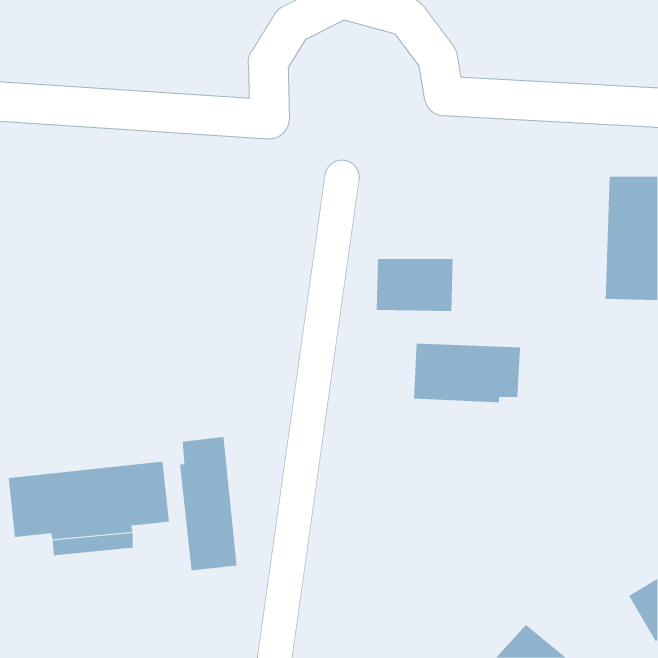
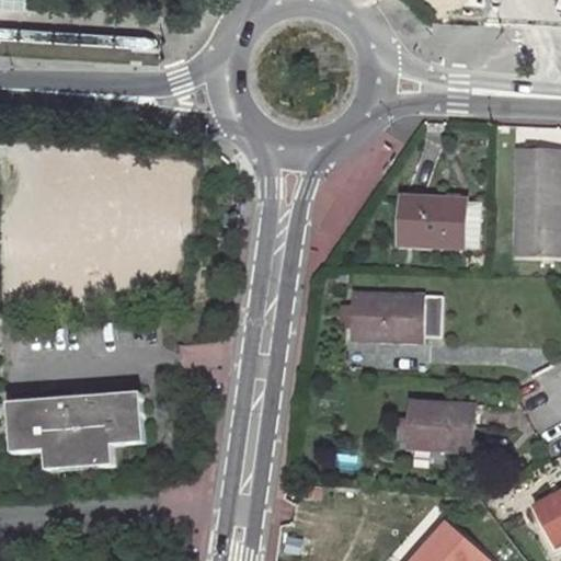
building: [376,258,454,312] -> [399,199,465,244]
building: [179,436,237,571] -> none
building: none -> [407,403,474,454]

